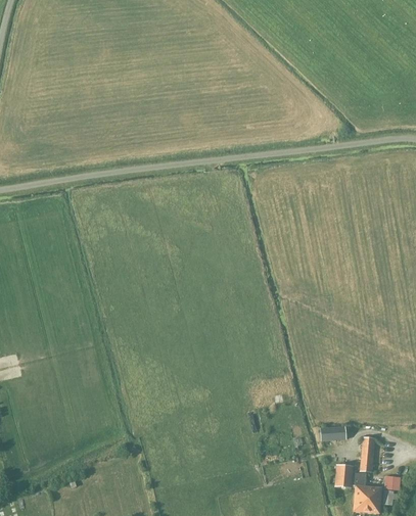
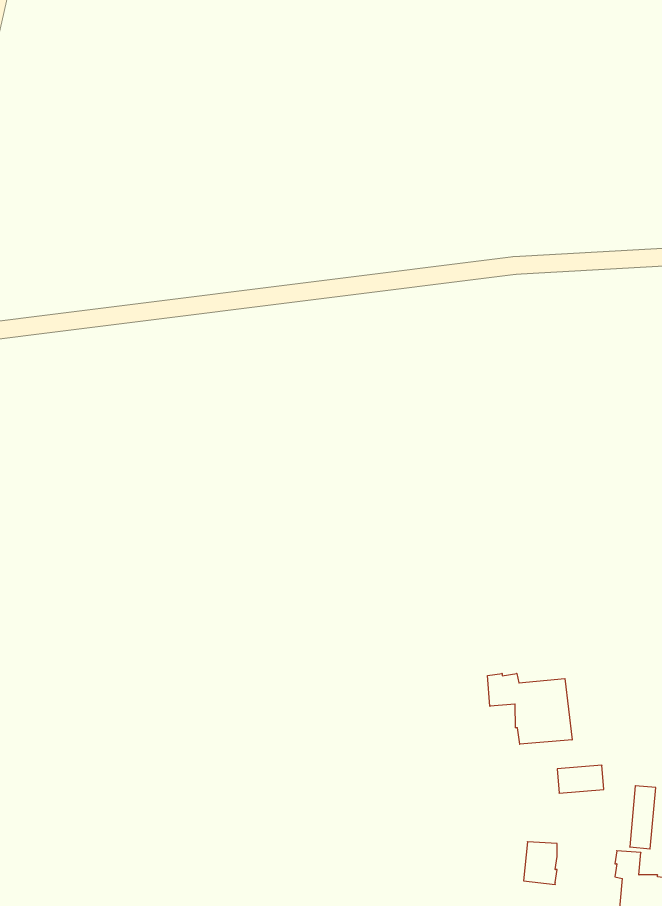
building: none -> [488,673,572,744]
building: [334,464,353,487] -> [524,842,557,884]

